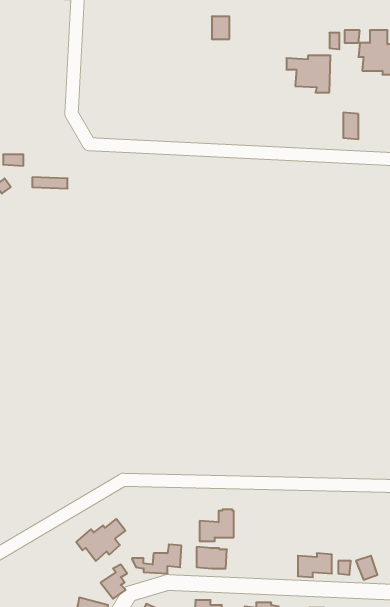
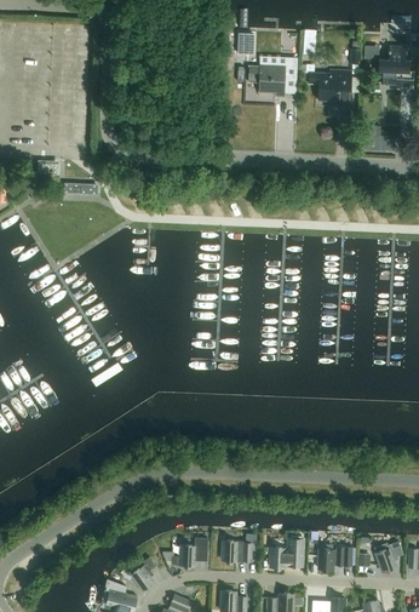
building: none -> [248,63,286,97]
building: [200,510,234,541] -> [271,537,304,567]
building: [76,519,125,561] -> none

